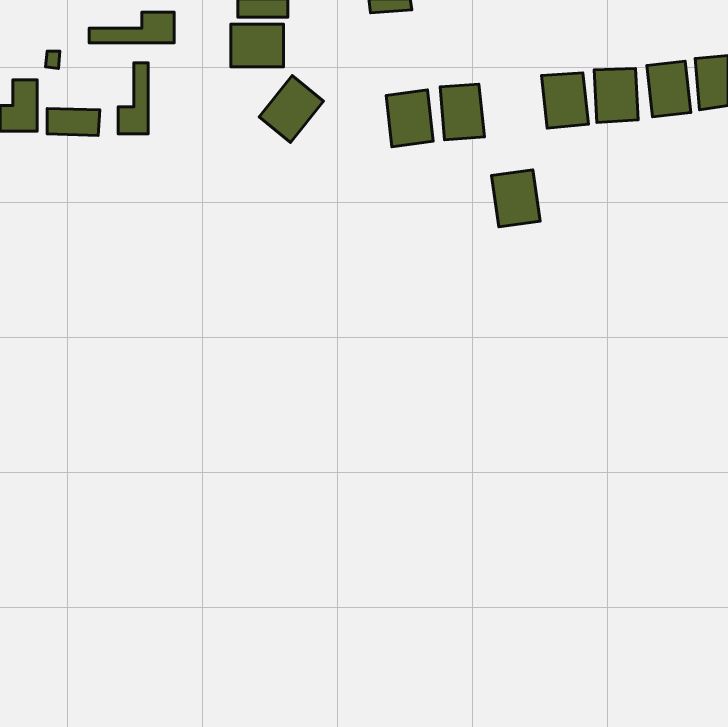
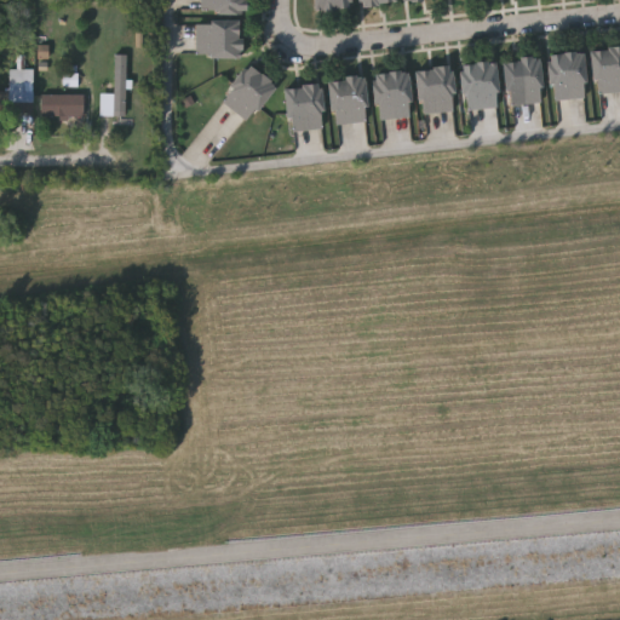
building: [89,12,174,43] -> none
building: none -> [285,85,325,132]
building: [492,170,540,227] -> [415,65,457,114]

